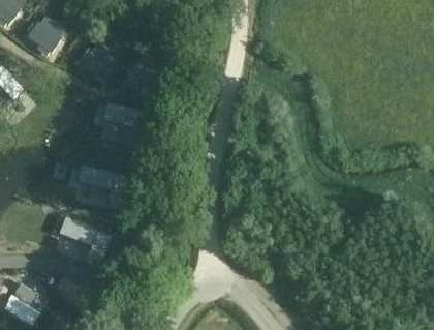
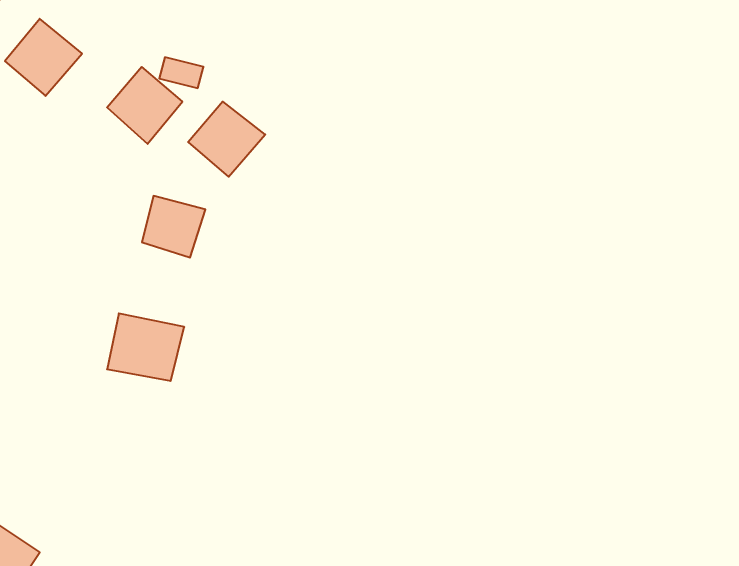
building: [56,221,103,262] -> none

